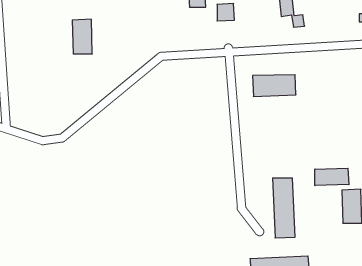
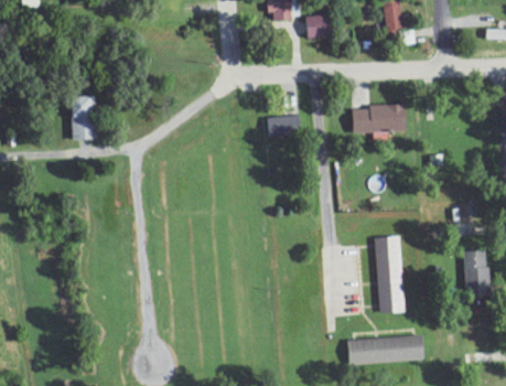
building: [72,19,92,54] -> [68,96,94,140]
building: none -> [268,116,303,138]
building: [315,168,349,186] -> none

